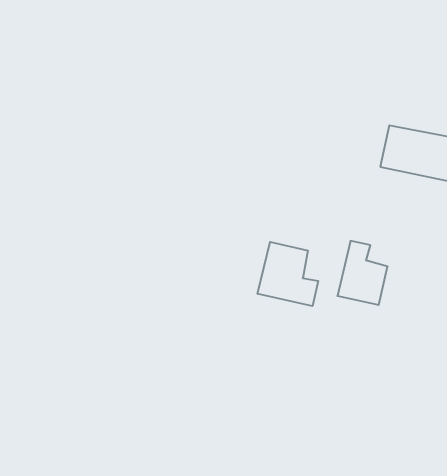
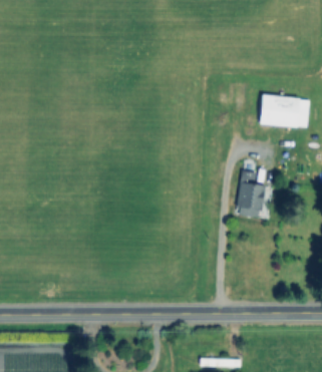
building: [258,242,318,306] -> none

